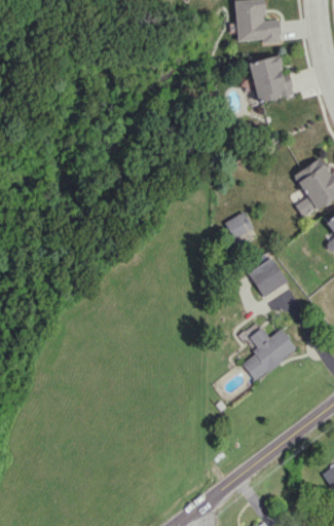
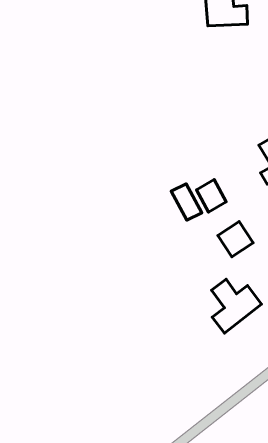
building: [249,55,295,103] -> none
building: none -> [171,184,202,220]

